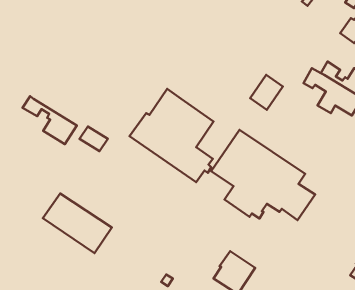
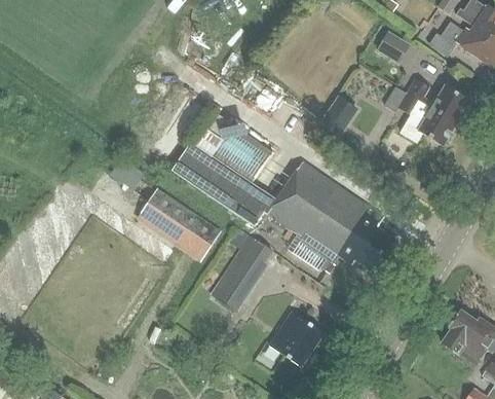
building: none -> [376,30,409,62]
building: [22,96,77,144] -> none
building: none -> [210,237,270,310]
building: [43,193,112,253] -> [136,187,221,261]

